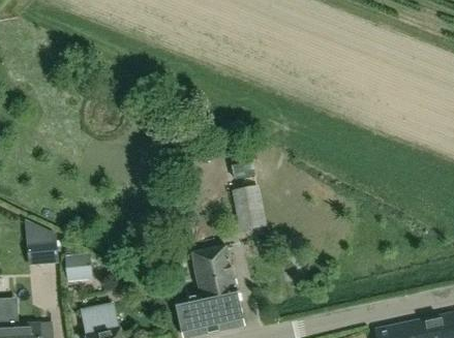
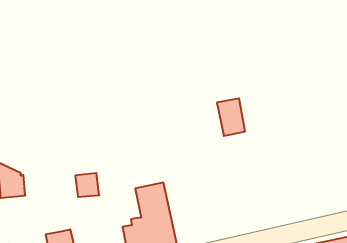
building: [232,185,266,231] -> [217,98,245,136]
building: [63,252,92,281] -> [75,173,99,197]

